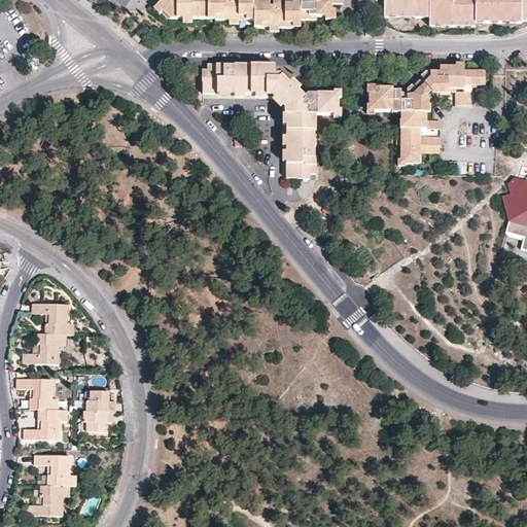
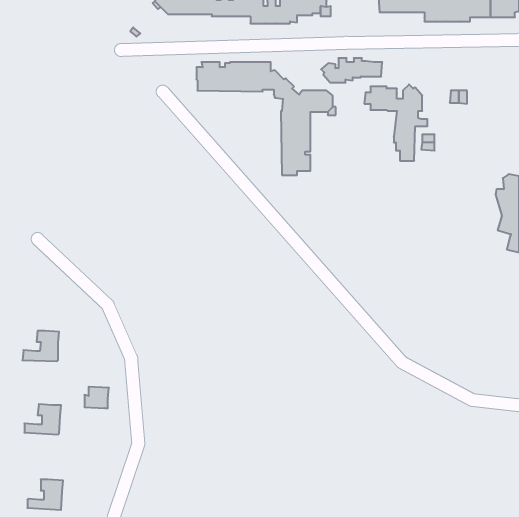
building: [423,66,485,91] -> [321,58,382,83]
building: [33,304,69,336] -> none
building: [17,378,54,410] -> none
building: [82,411,106,432] -> none
building: [36,454,71,486] -> none

